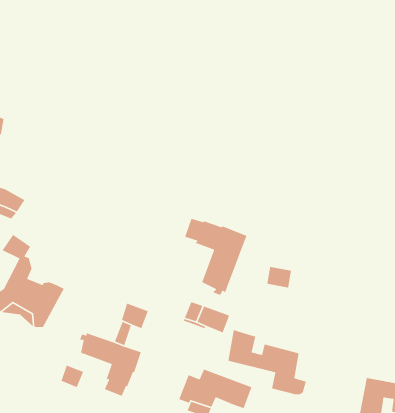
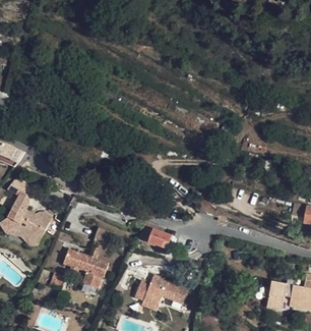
building: [184,218,248,296] -> none
building: [227,329,307,395] -> none

